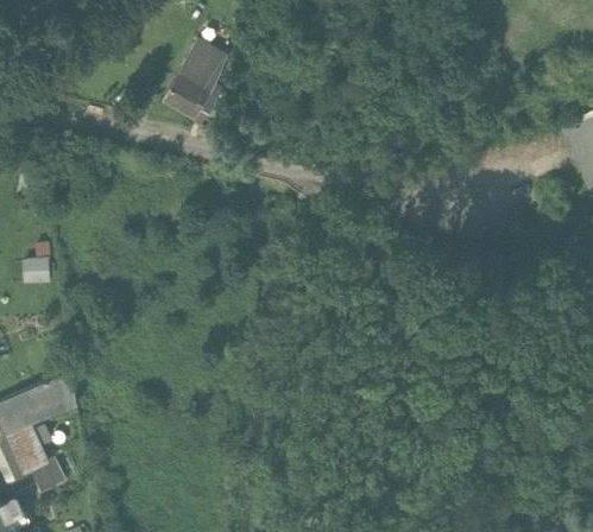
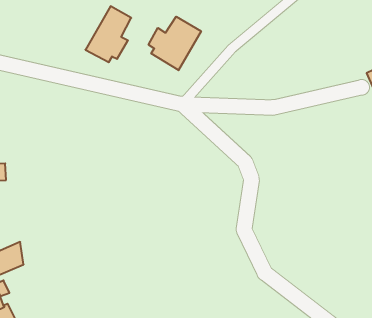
building: none -> [149,17,201,70]

